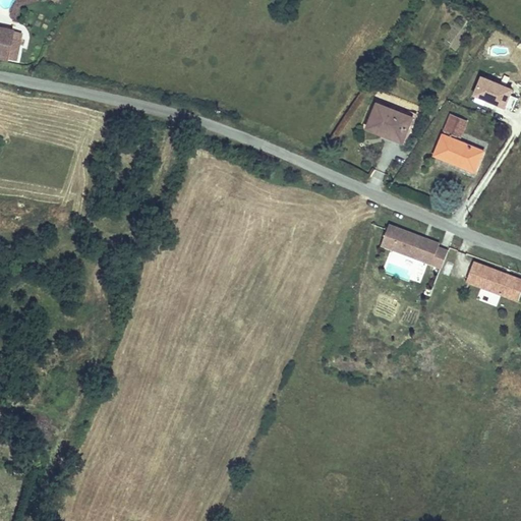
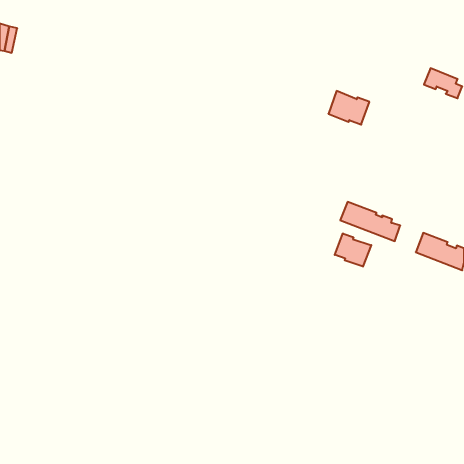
building: [435,115,483,171] -> none
building: none -> [335,233,371,267]

